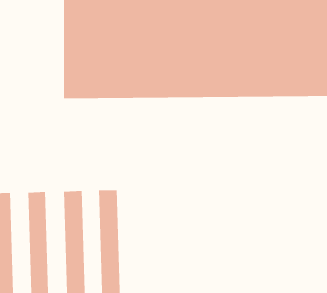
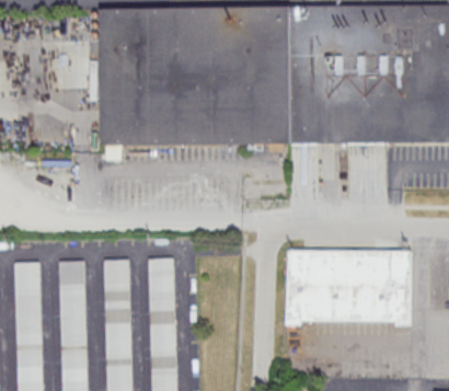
building: none -> [290,250,415,322]

